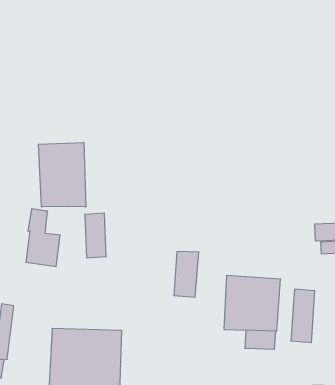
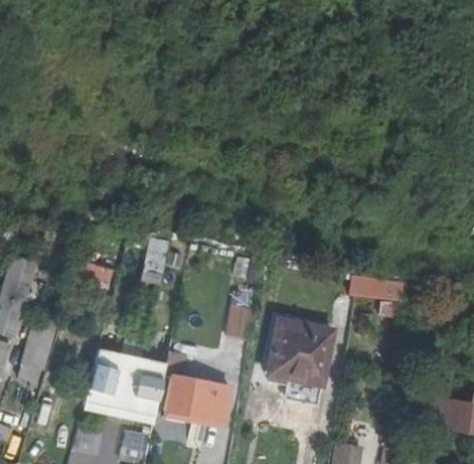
building: [38,142,86,207] -> none
building: [291,289,315,343] -> none
building: none -> [166,376,229,421]

